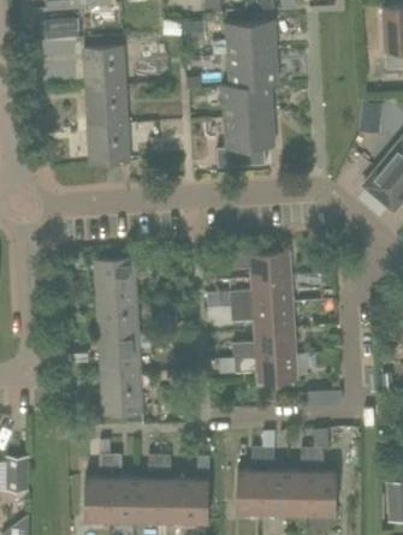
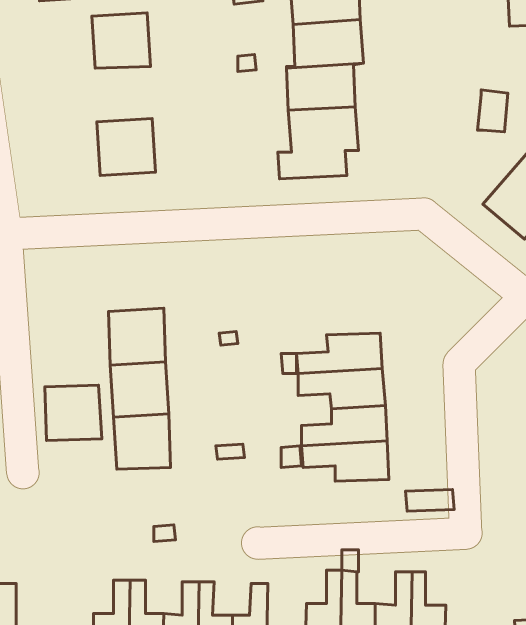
building: [85,87,126,126] -> none
building: [227,250,290,279] -> none
building: [101,374,142,414] -> [45,385,102,440]

